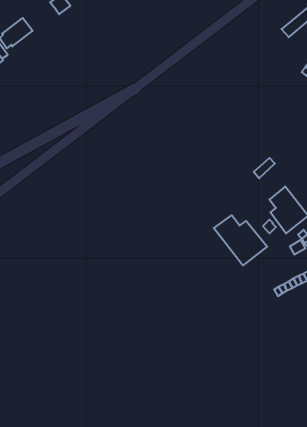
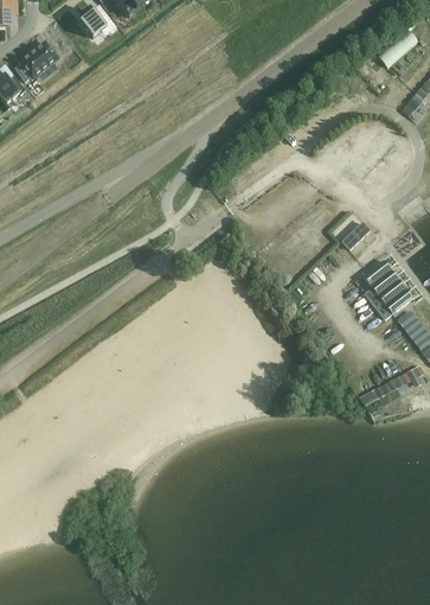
building: [214,215,267,265] -> none

